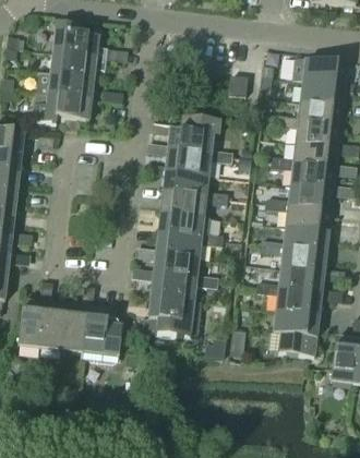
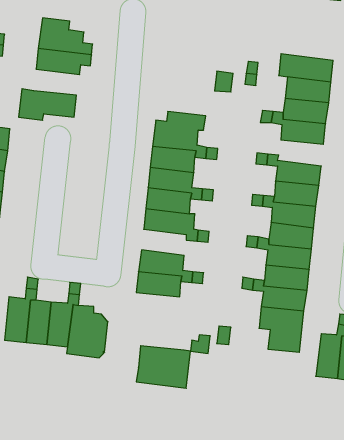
building: [36,72,94,99] -> none
building: [292,144,338,170] -> none
building: [156,233,201,260] -> none
building: [146,297,201,339] -> [136,346,191,388]

